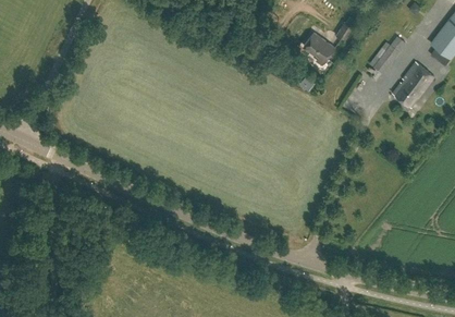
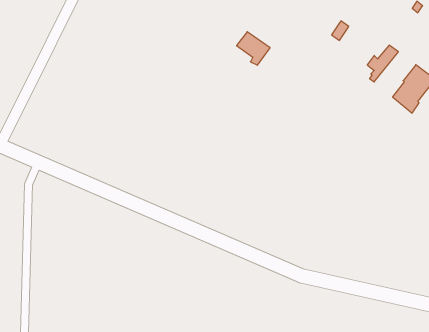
building: [303,33,334,64] -> [237,32,270,65]

